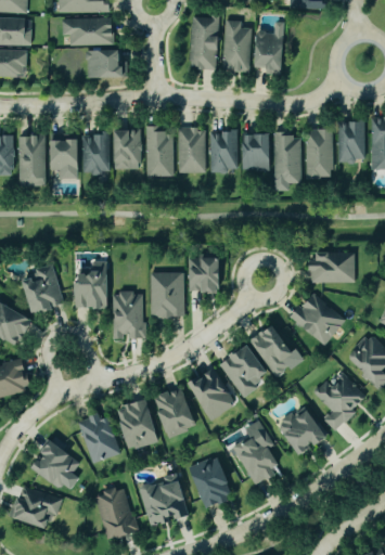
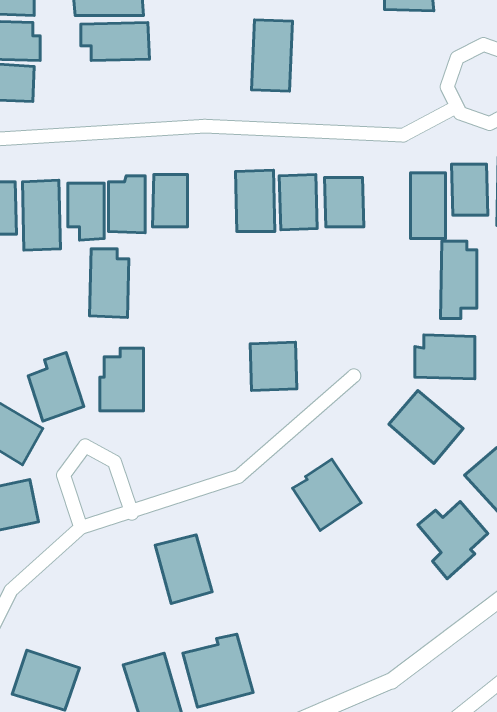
building: [221,21,251,73] -> none
building: [257,23,284,75] -> none
building: [86,51,128,79] -> none
building: [144,127,174,178] -> [90,249,129,317]
building: [274,133,301,191] -> [440,241,477,318]
building: [150,272,184,318] -> none
building: [113,292,144,338] -> none
building: [254,324,296,374] -> none
building: [190,369,233,418] -> none
building: [153,386,197,436] -> none
building: [278,404,328,455] -> none
building: [77,412,118,463] -> none
building: [230,420,281,485] -> none
building: [30,439,81,490] -> none
building: [191,455,234,507] -> none

